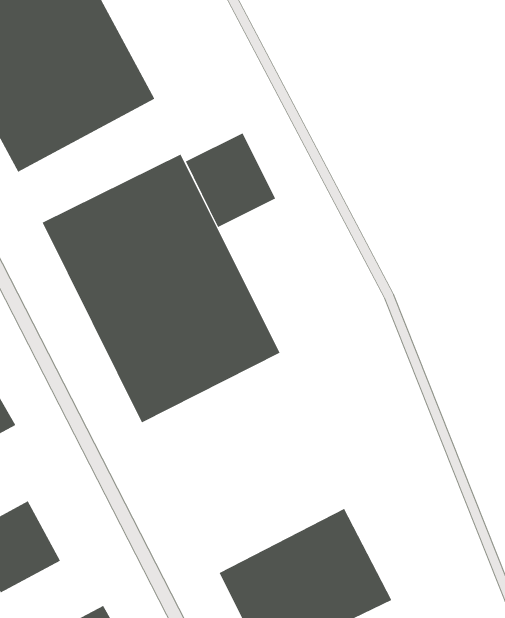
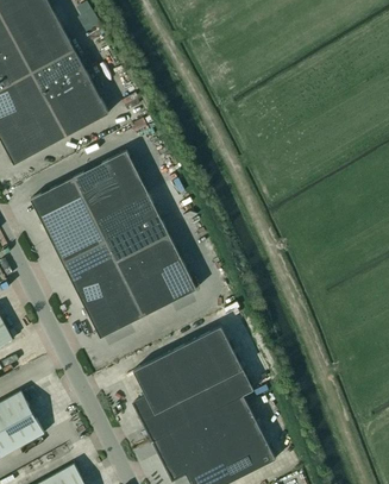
building: [185,133,276,228] -> none
building: none -> [132,326,252,441]

